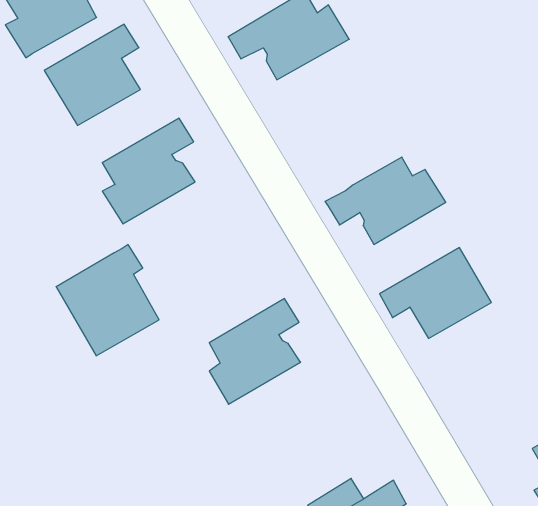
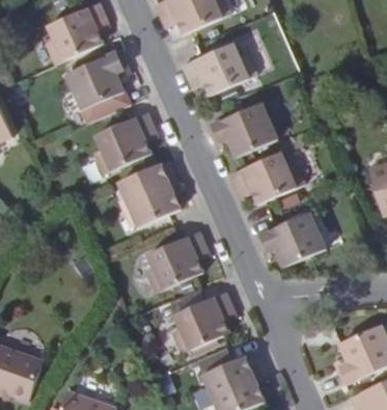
building: none -> [209,103,277,157]
building: [56,245,159,356] -> [118,160,179,226]
building: none -> [171,292,231,353]

